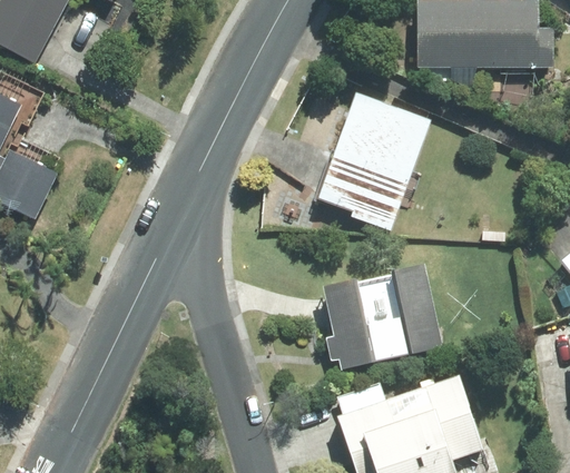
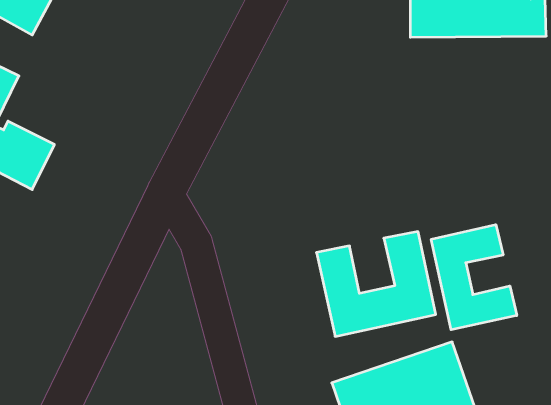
building: [317,91,429,228] -> none
building: none -> [431,225,517,330]

